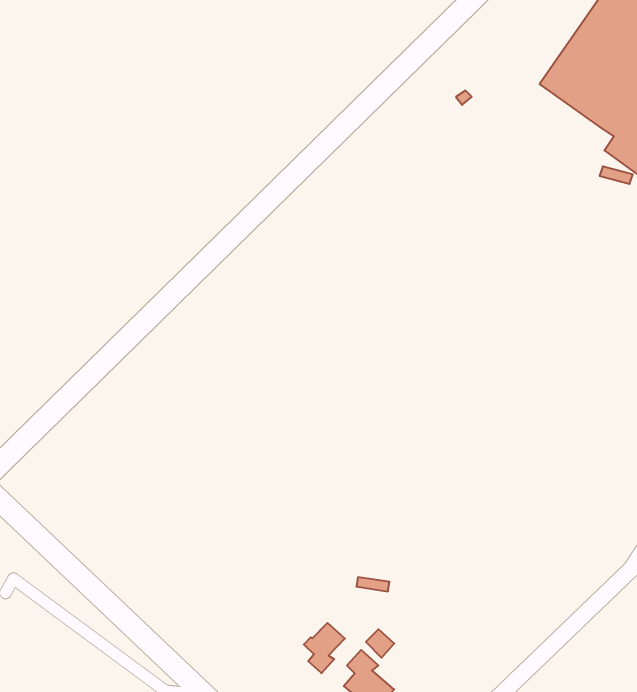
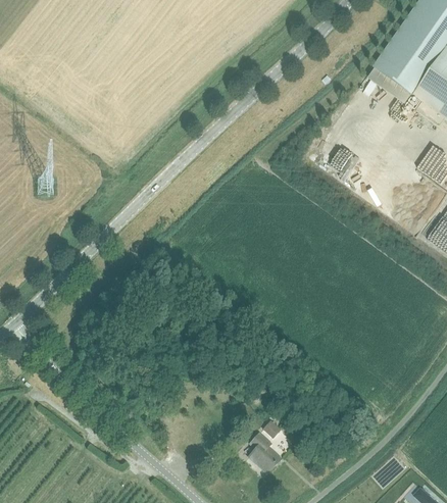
building: [304,623,345,673] -> none

